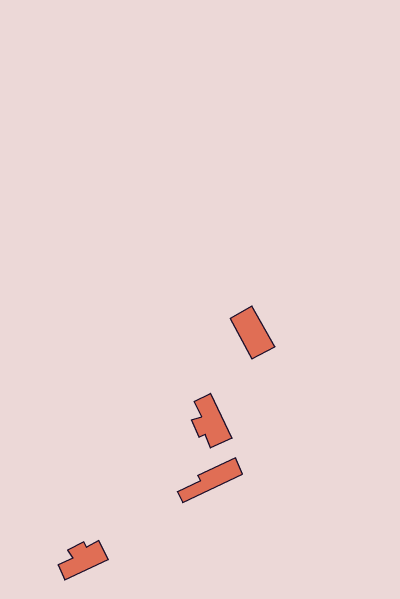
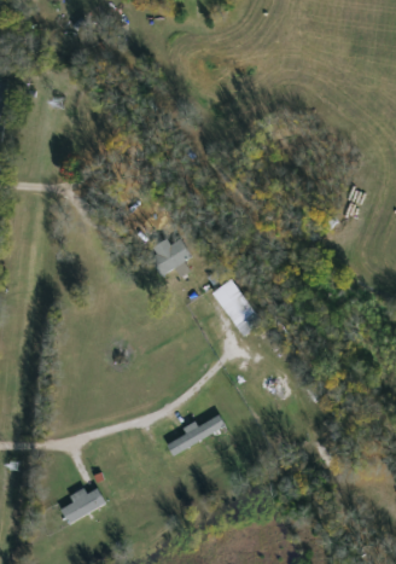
building: none -> [146,239,191,277]
building: [191,393,232,448] -> none

